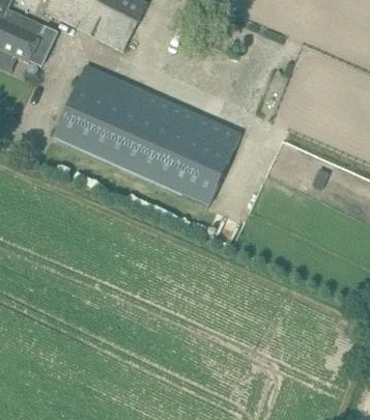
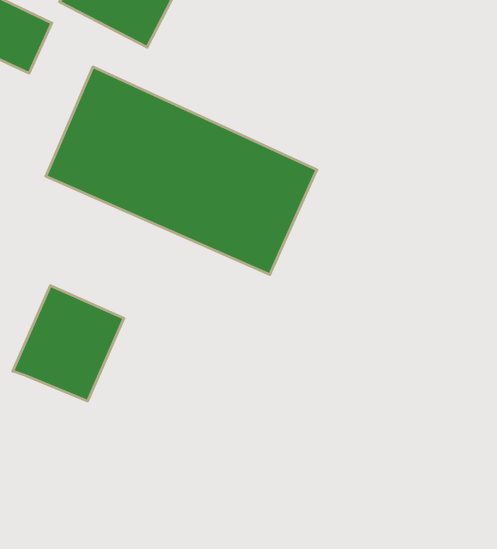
building: none -> [13,286,124,401]

